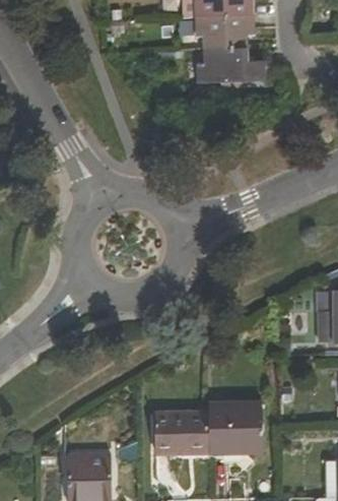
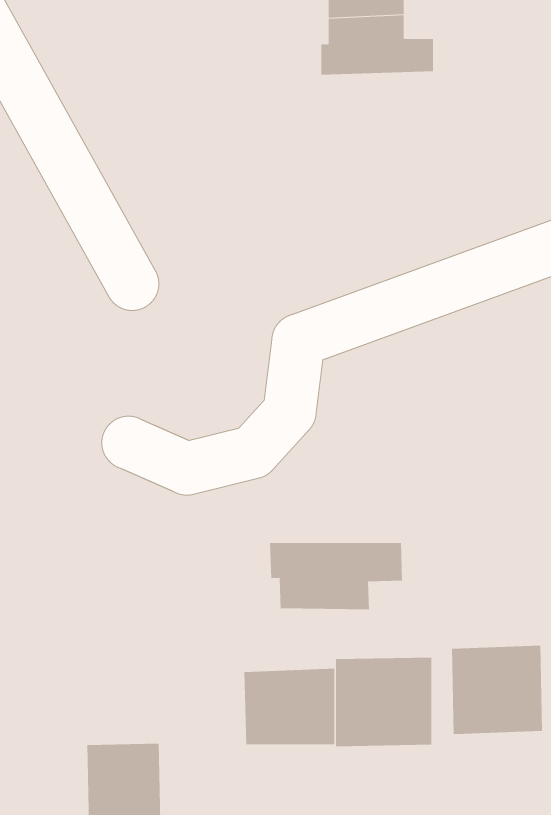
building: none -> [270,542,403,610]
building: none -> [452,645,542,735]

